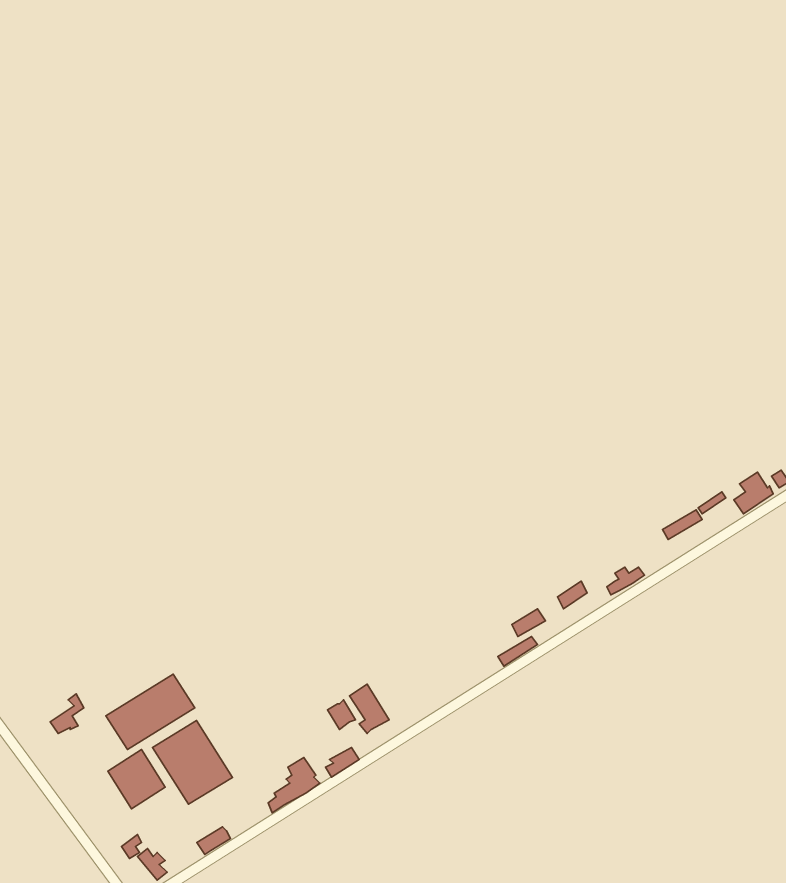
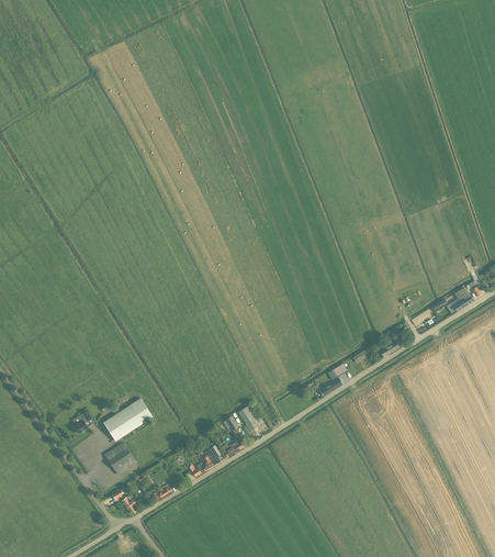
building: [153,721,232,804] -> none

